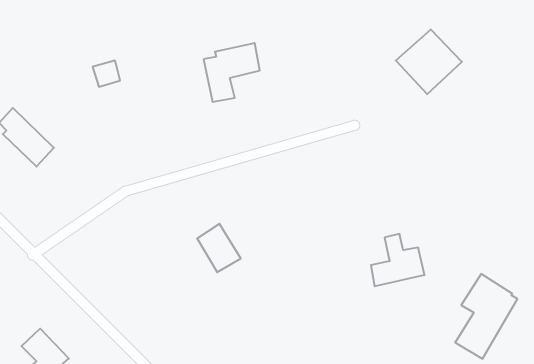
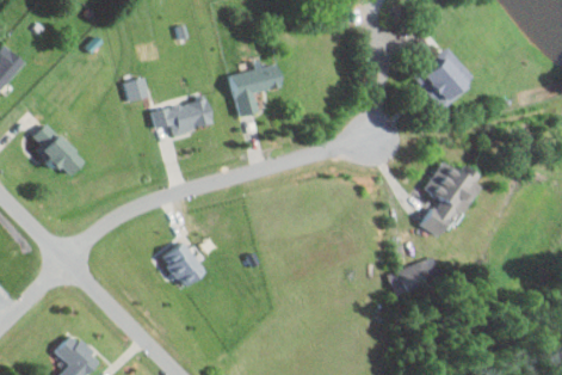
building: none -> [152,96,215,135]
building: [197,224,241,272] -> [163,240,205,287]
building: [455,274,517,359] -> [418,159,477,240]

